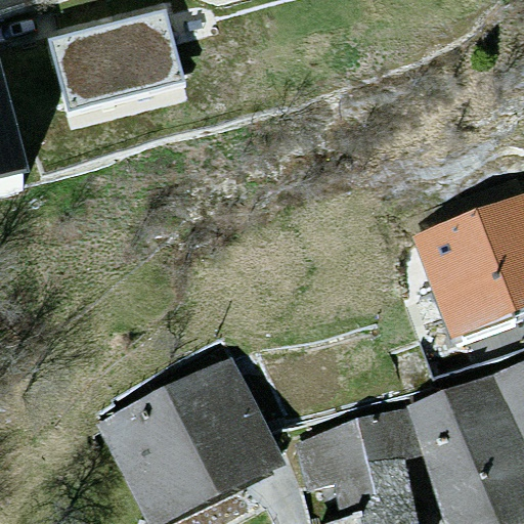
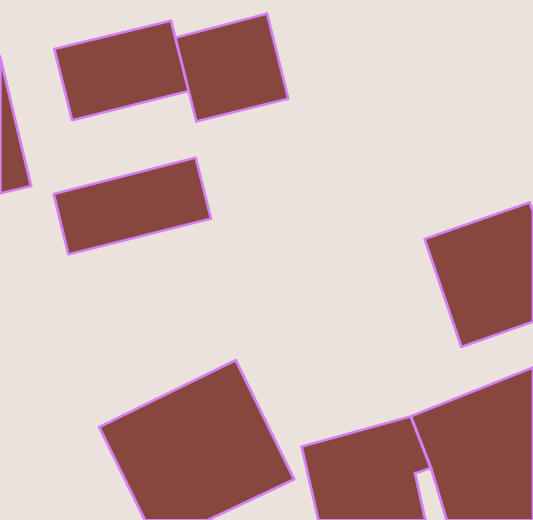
building: none -> [176,13,288,122]
building: none -> [54,158,211,254]

